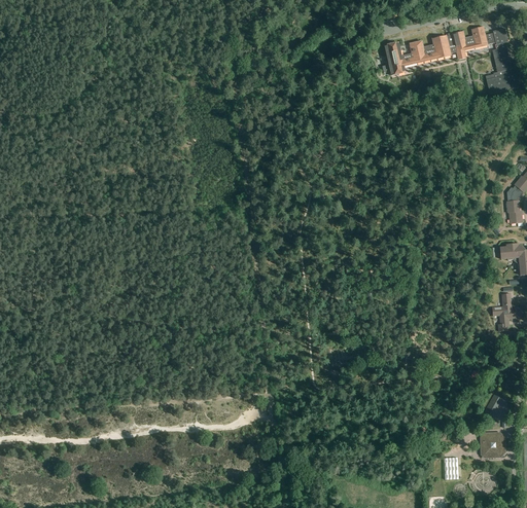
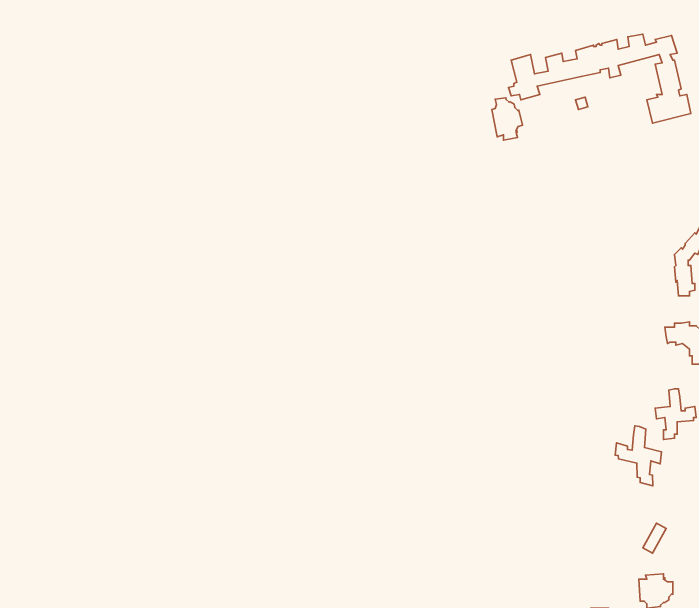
building: none -> [492,98,522,140]
building: none -> [615,426,662,486]

